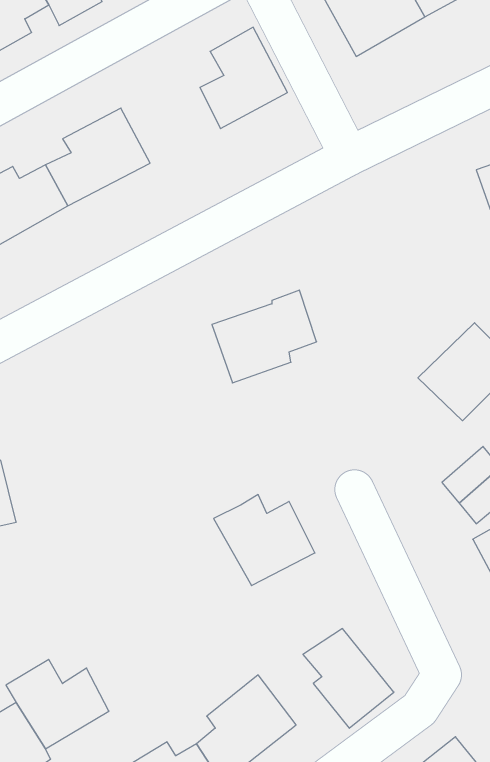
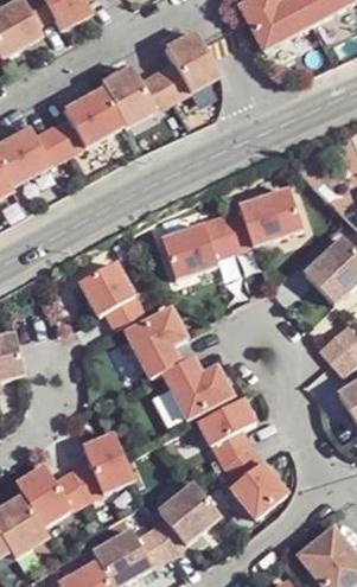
building: none -> [96,69,167,130]
building: none -> [222,187,304,251]
building: none -> [79,262,144,330]
building: none -> [126,308,187,379]
building: none -> [199,398,256,467]
building: none -> [75,440,136,506]

